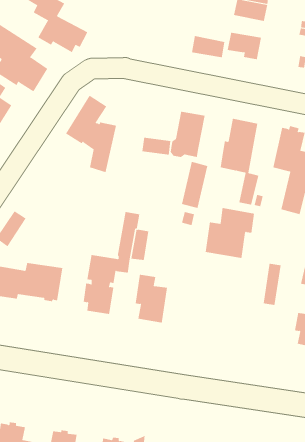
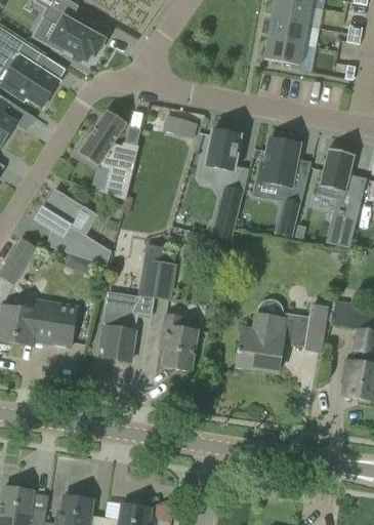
building: [191,35,225,58] -> [268,18,307,44]
building: [142,137,171,155] -> [163,114,197,134]
building: none -> [35,188,112,265]
building: [205,207,255,258] -> [236,313,293,371]

